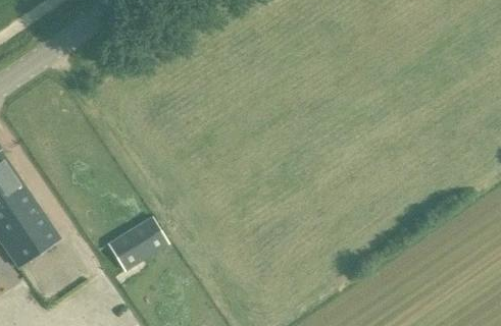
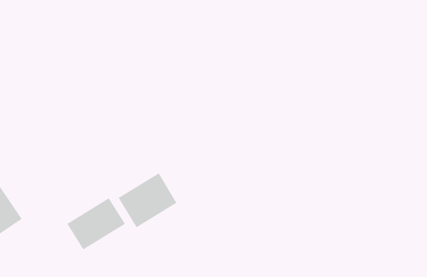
building: none -> [118,172,177,228]

